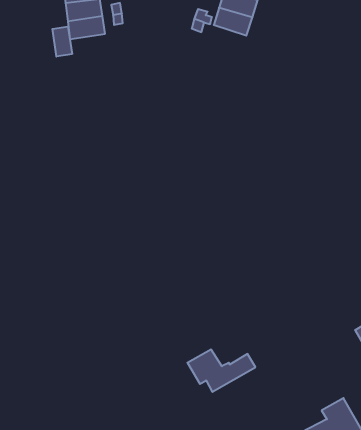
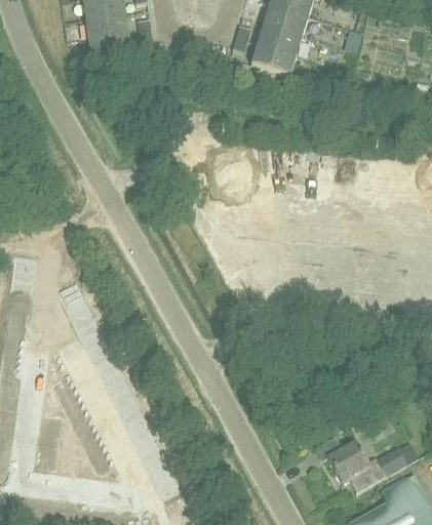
building: none -> [251,42,296,75]
building: [52,27,72,57] -> none
building: [187,350,255,392] -> [327,440,406,489]

